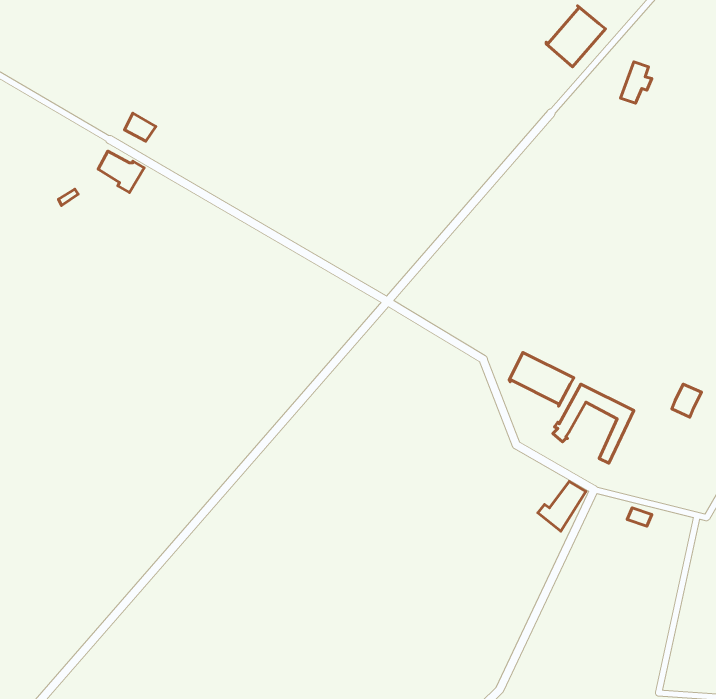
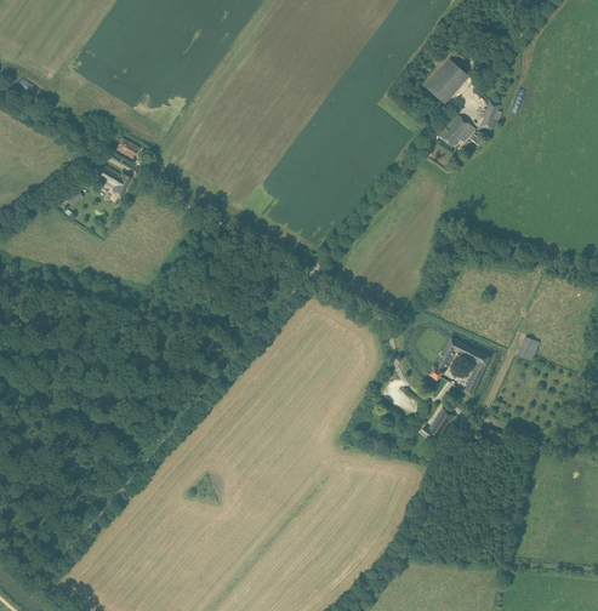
building: none -> [439,114,474,145]
building: [509,352,574,406] -> none

